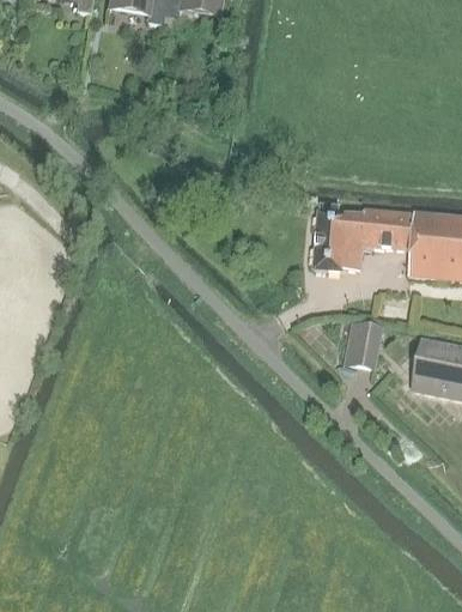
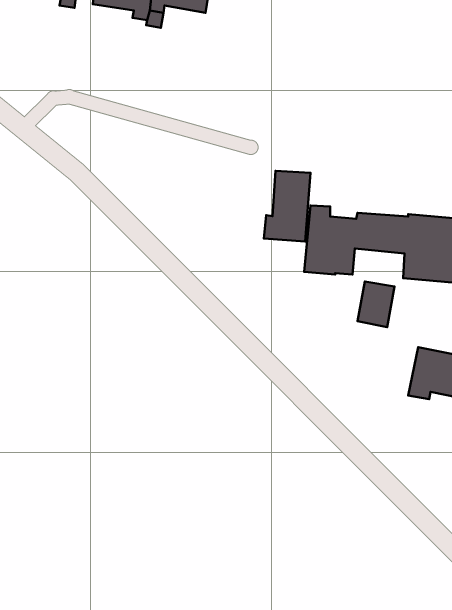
building: none -> [264,171,311,242]
building: [345,322,381,366] -> [357,282,394,327]

